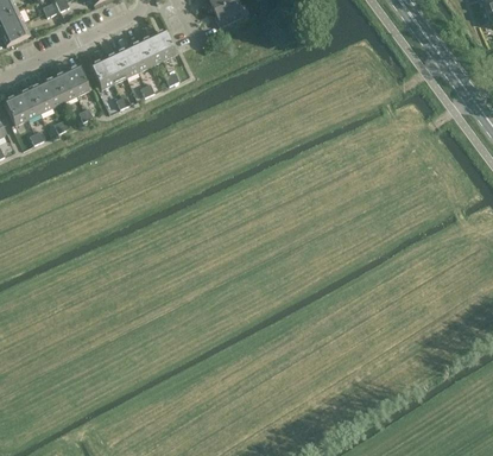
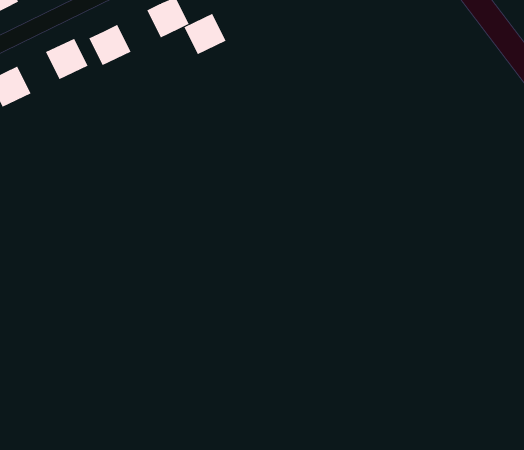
building: [114,42,151,77] -> [184,13,227,55]
building: [29,77,64,113] -> none

